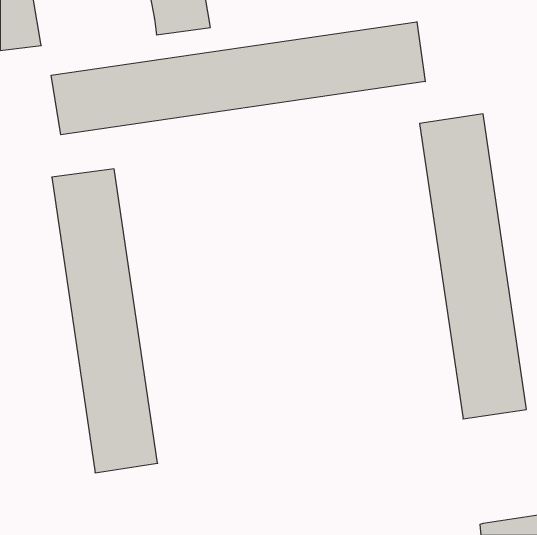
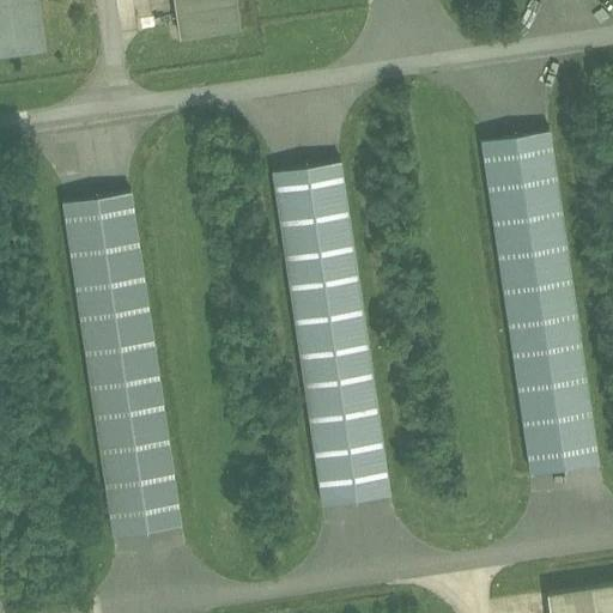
building: [51,22,425,135] -> none
building: none -> [272,160,390,505]

